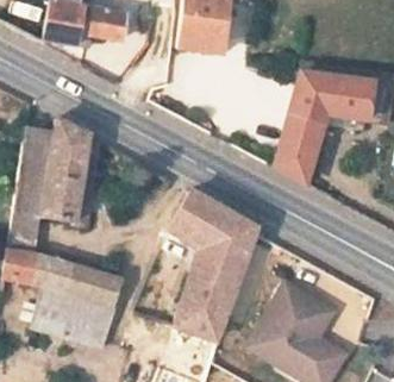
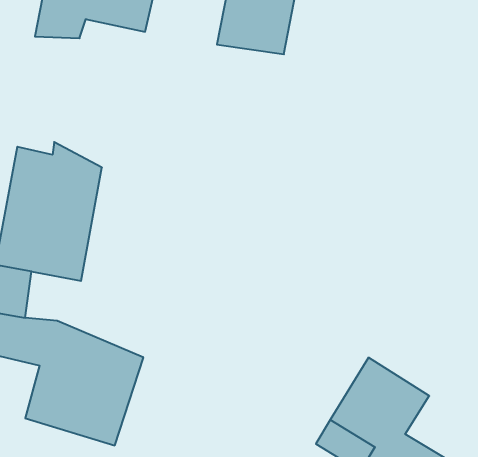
building: [280,67,365,182] -> none
building: [169,192,257,339] -> none

